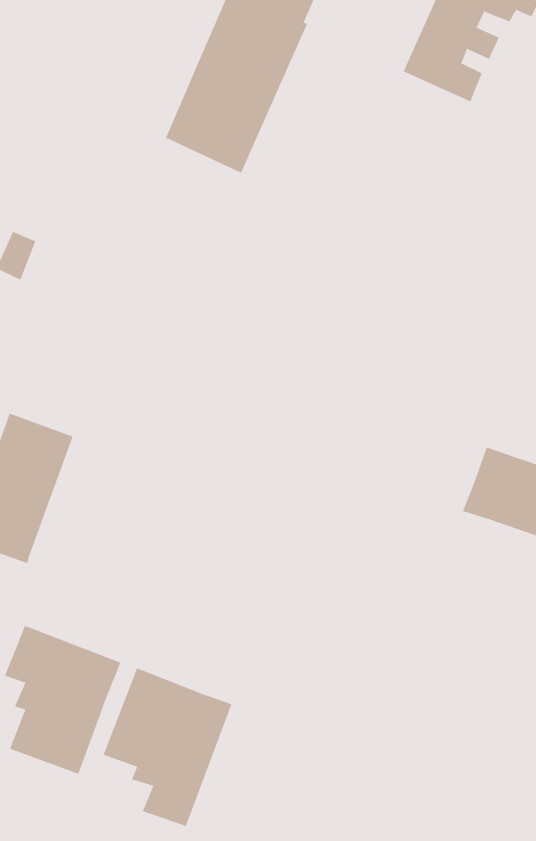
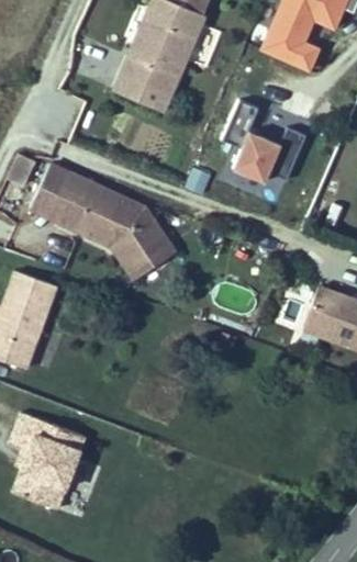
building: none -> [226,103,305,183]
building: none -> [27,161,175,274]
building: [103,668,232,827] -> none

